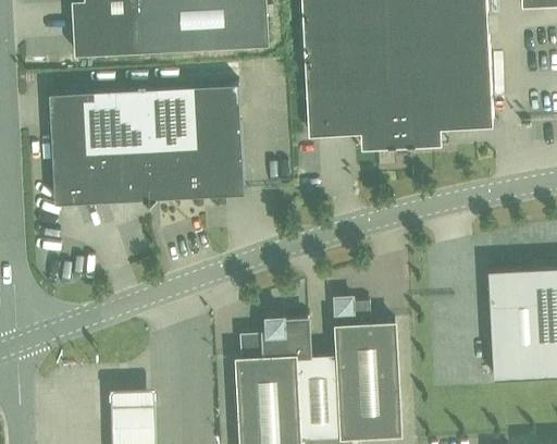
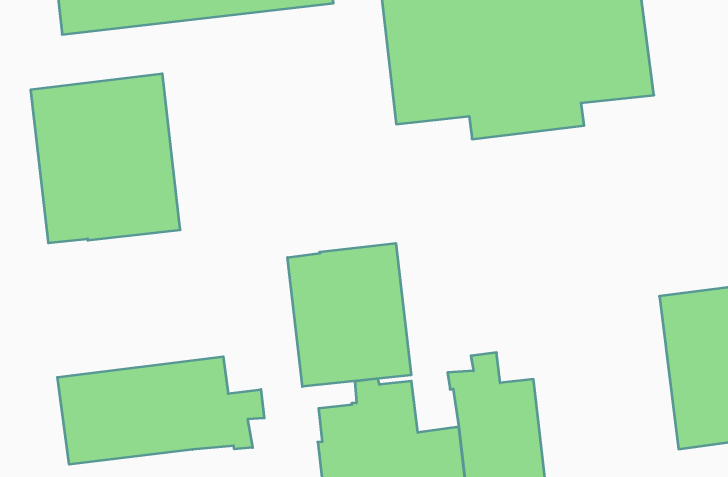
building: [144,85,244,201] -> none
building: none -> [288,243,411,387]
building: none -> [57,357,264,464]

